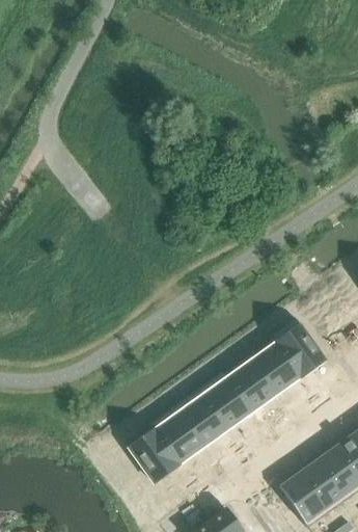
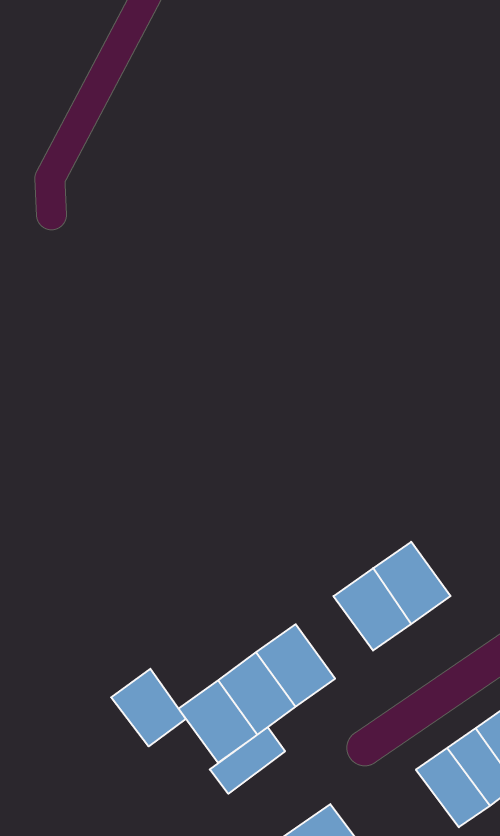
building: [276,323,326,376] -> none
building: [203,376,252,428] -> none
building: none -> [111,669,186,746]
building: none -> [210,727,285,794]

